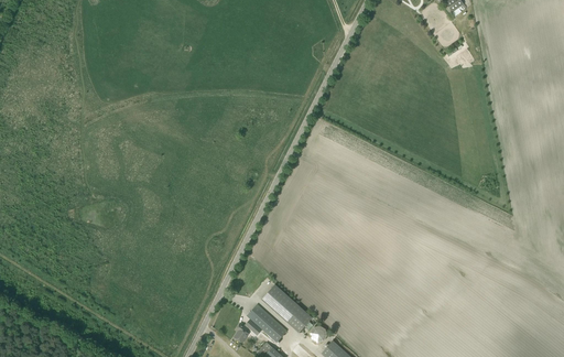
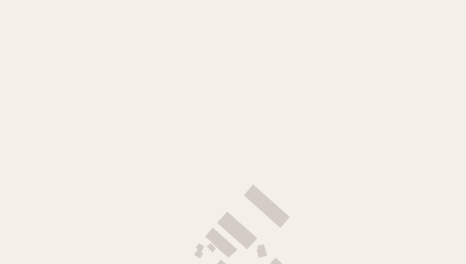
building: none -> [243,184,291,229]

